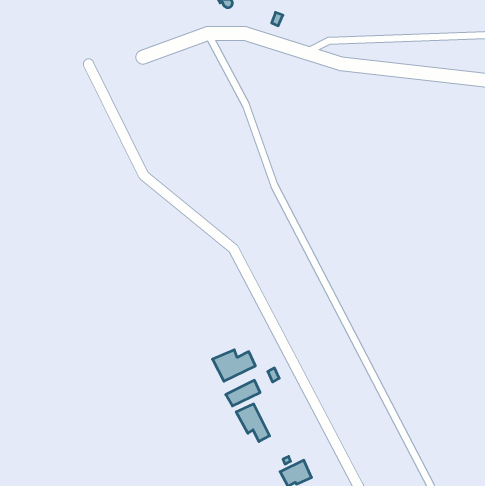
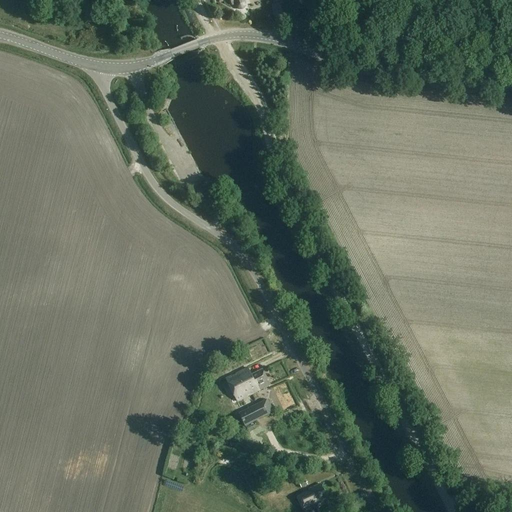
building: [236,404,270,442] -> none

